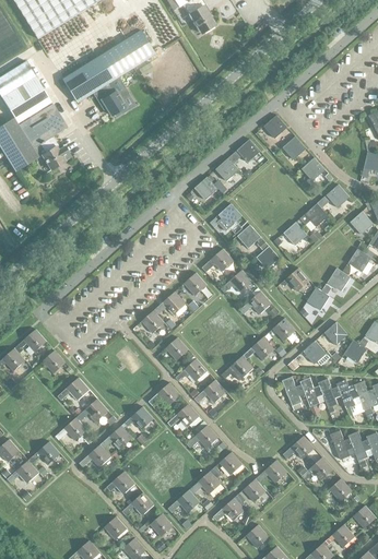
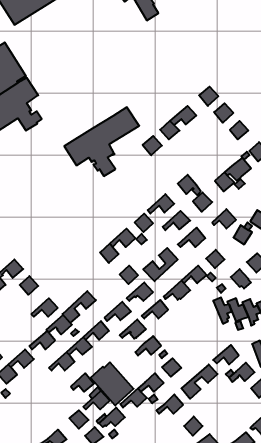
building: [61,31,154,116] -> [64,107,139,176]
building: [209,203,243,231] -> none
building: none -> [143,248,178,281]
building: none -> [62,291,96,323]
building: none -> [90,362,134,406]

